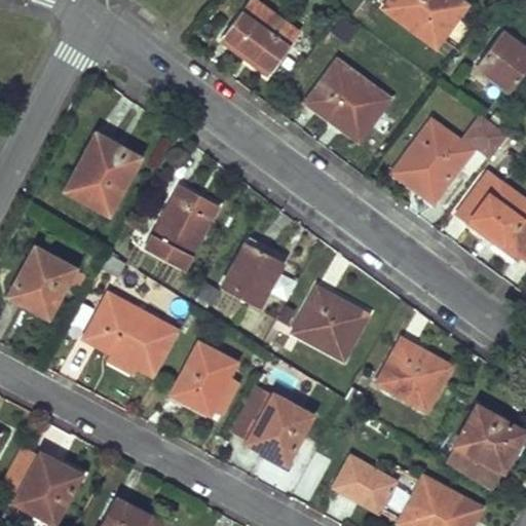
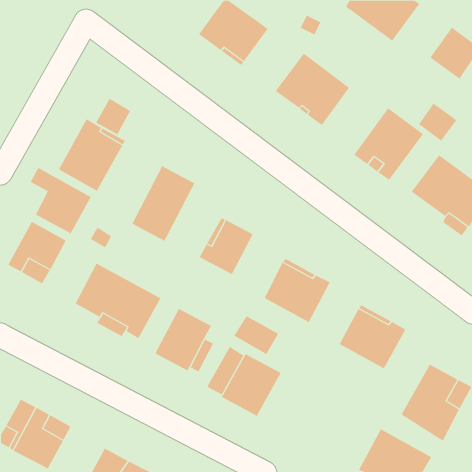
building: none -> [95,98,131,135]
building: none -> [30,167,92,234]
building: none -> [234,315,279,355]
building: [335,457,394,512] -> none

